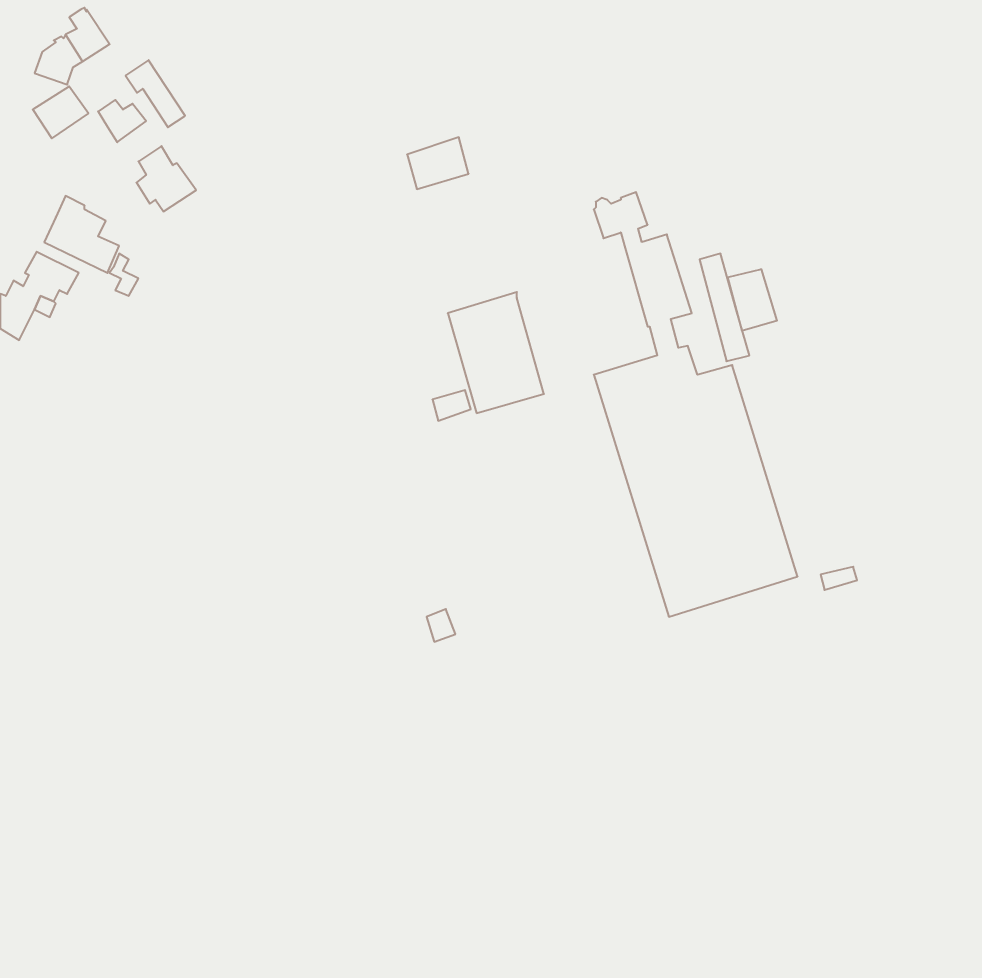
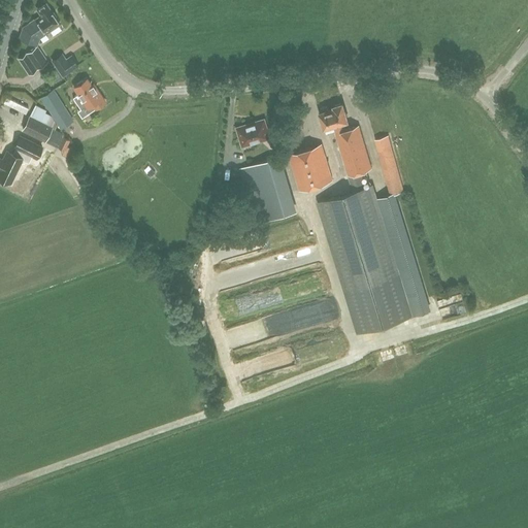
building: [126,60,185,127] -> [40,92,72,128]
building: [407,137,469,189] -> [236,121,269,148]
building: none -> [289,145,332,192]
building: [728,269,777,331] -> none

